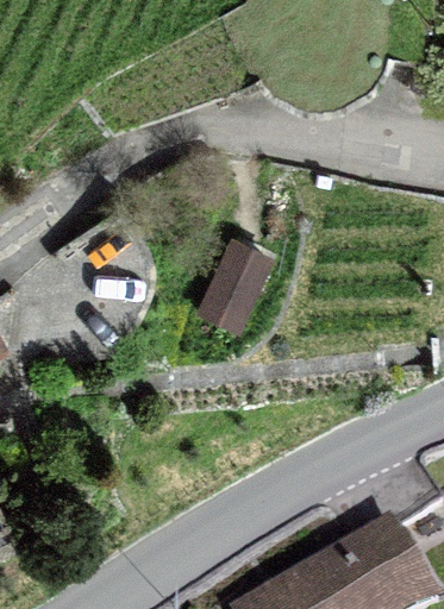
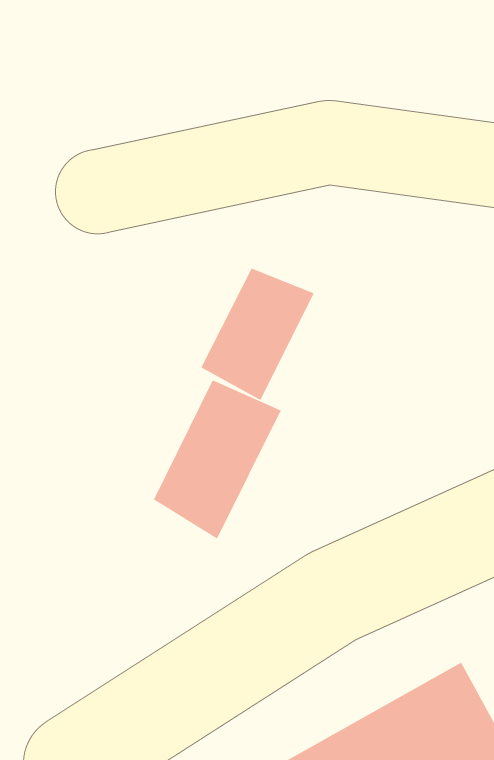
building: none -> [153,379,282,539]

